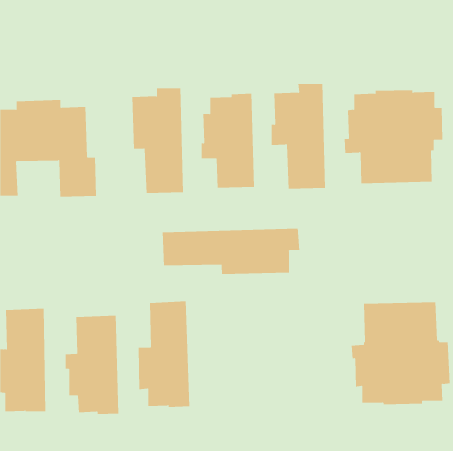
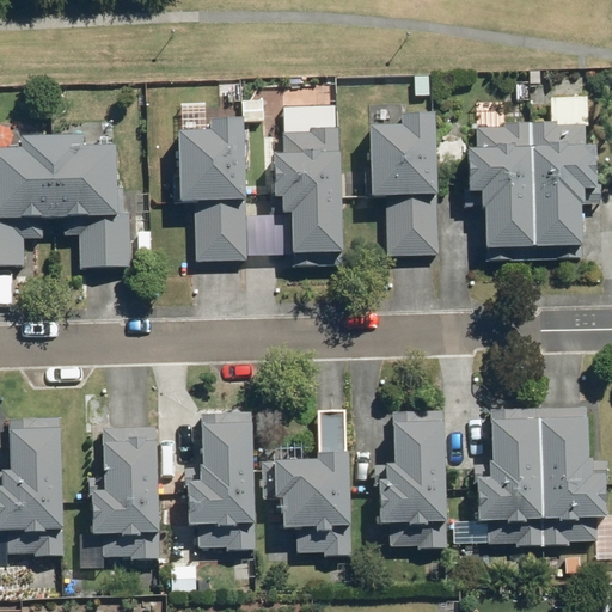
building: [162,228,300,275] -> none
building: none -> [262,408,350,555]
building: none -> [374,410,447,547]

